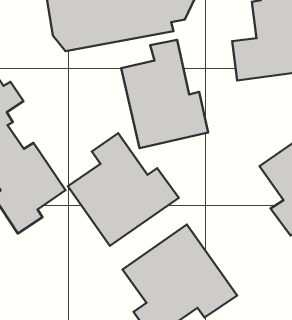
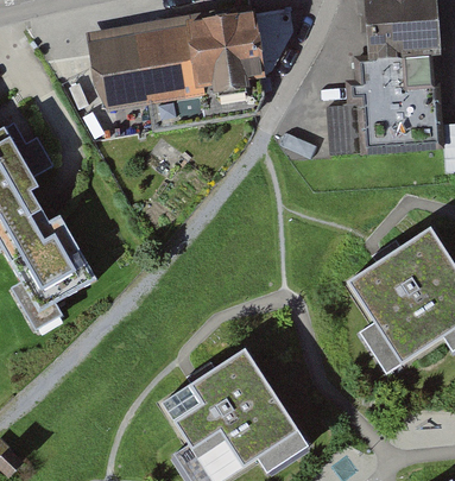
building: [121,40,208,148] -> none
building: [68,133,179,246] -> none

